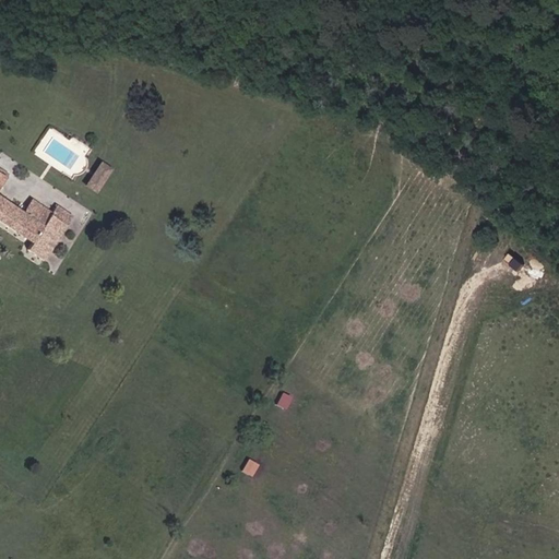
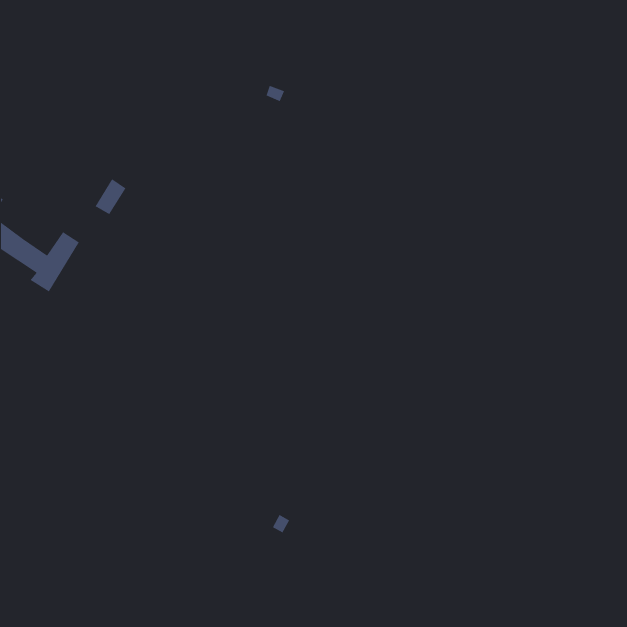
building: [22,199,52,226] -> none

